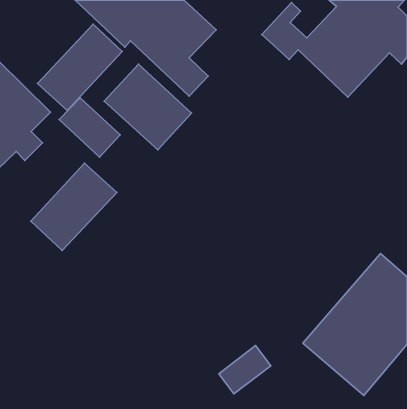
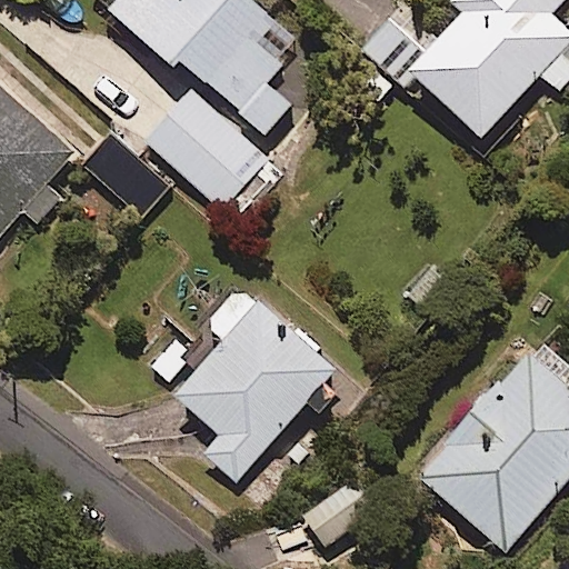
building: [37,24,122,111] -> none
building: [31,163,117,251] -> none
building: none -> [179,286,340,481]

